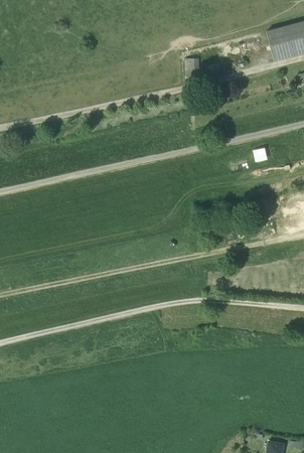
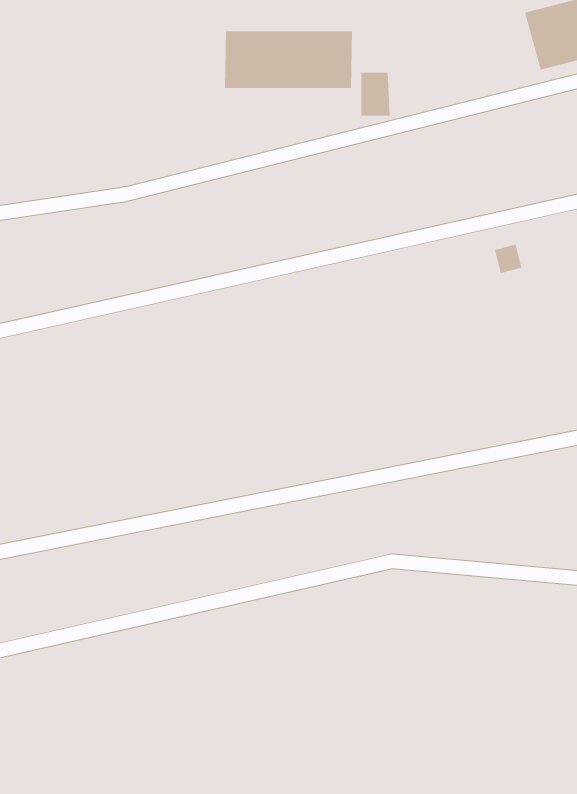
building: none -> [224,31,353,89]

